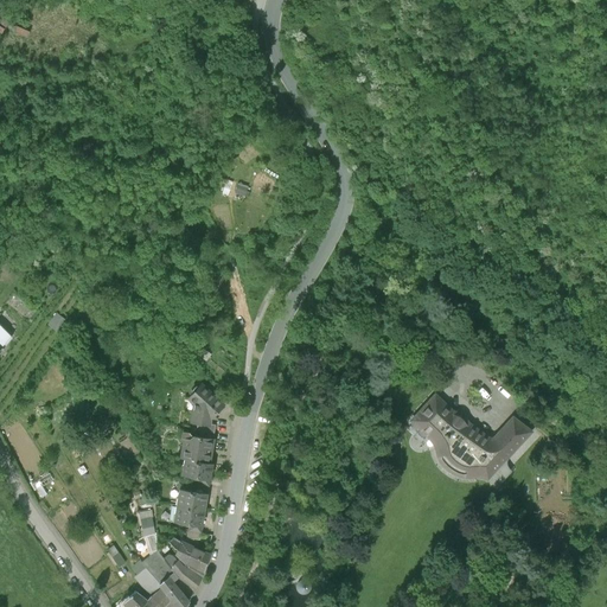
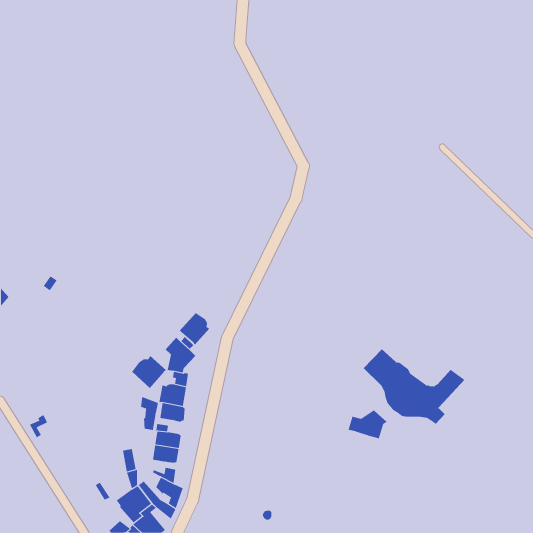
building: none -> [179,312,210,346]
building: none -> [131,355,167,389]
building: none -> [141,396,159,431]
building: none -> [348,409,388,439]

